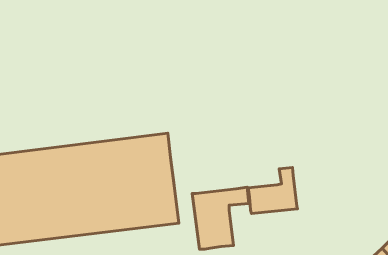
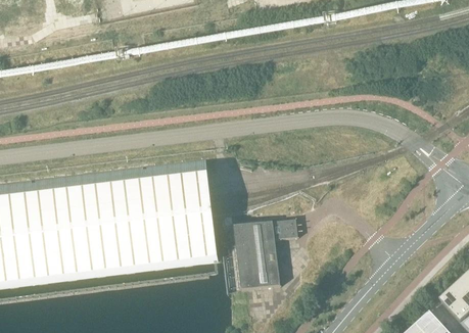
building: [248,167,297,213] -> none

